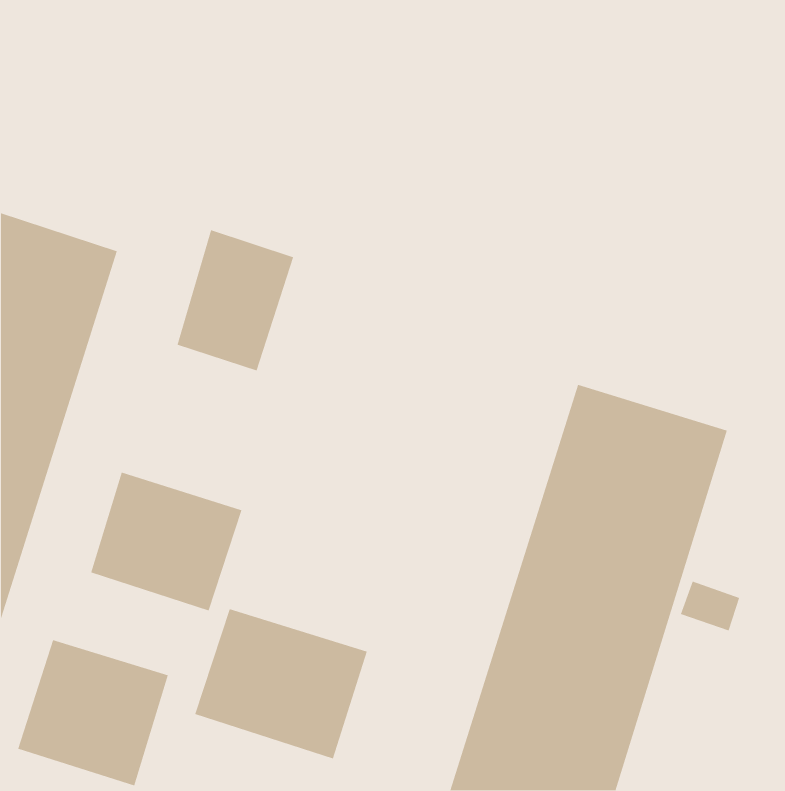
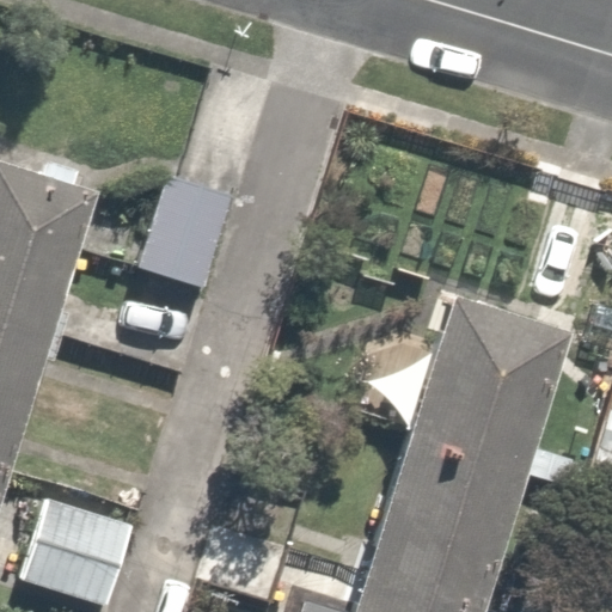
building: [90,471,242,611] -> none
building: [194,608,368,760] -> none

